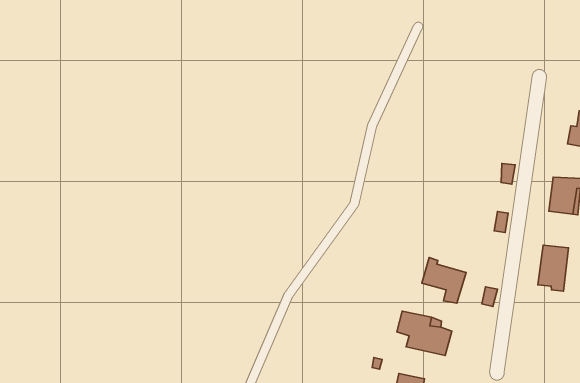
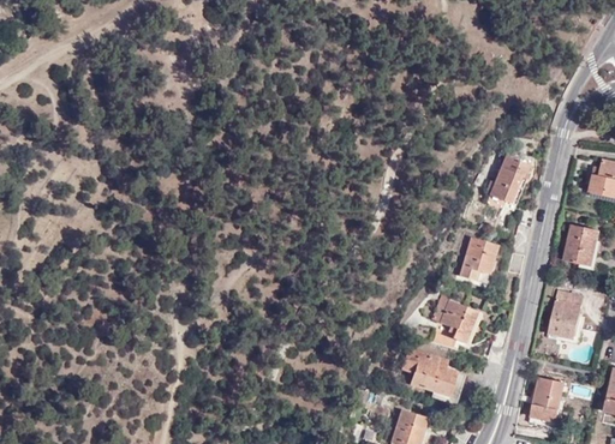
building: none -> [492,158,530,205]
building: none -> [459,239,496,283]
building: none -> [532,377,566,421]

